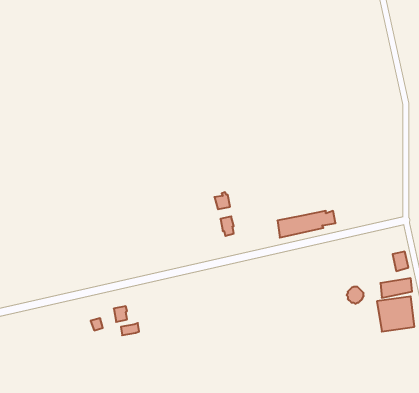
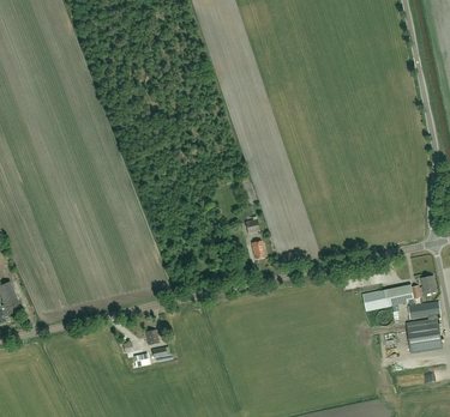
building: [277,211,336,238] -> [364,284,421,310]

